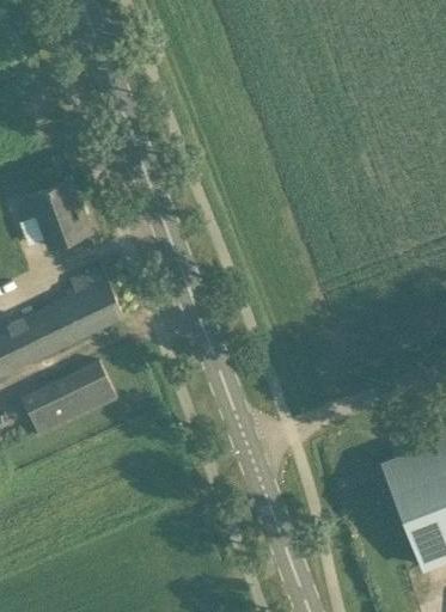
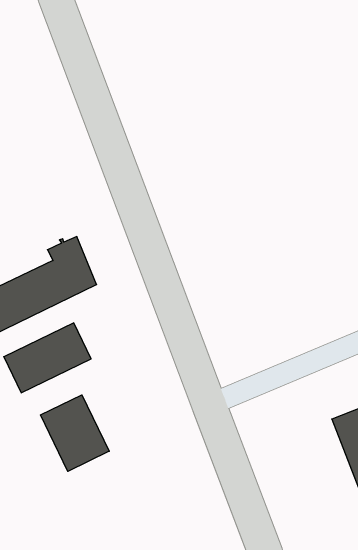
building: [30,184,90,249] -> none
building: none -> [40,395,109,471]

